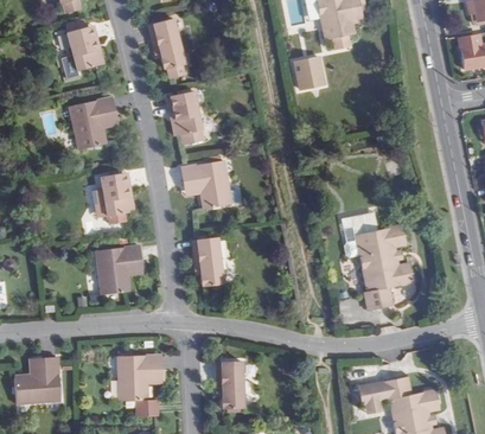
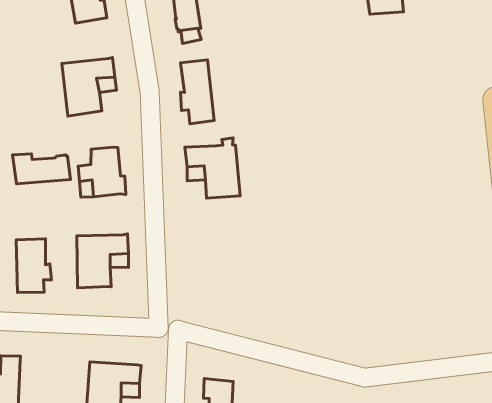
building: [293,56,326,90] -> none
building: none -> [13,154,70,184]
building: [343,211,414,309] -> none
building: [192,236,223,286] -> none
building: none -> [16,239,51,292]

